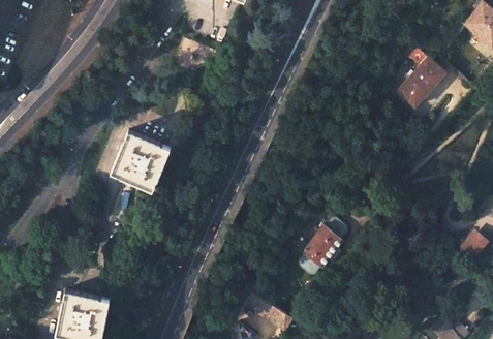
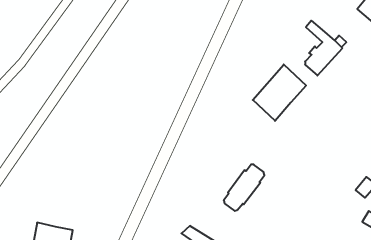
building: none -> [253,64,306,121]
building: [112,132,171,191] -> none

